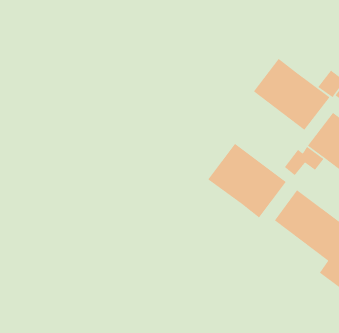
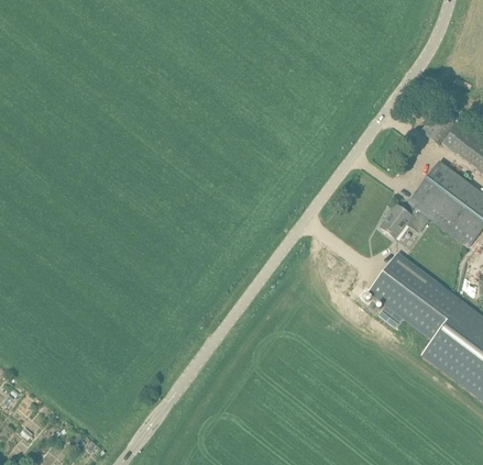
building: [253,58,330,131] -> none
building: [207,143,287,218] -> none

